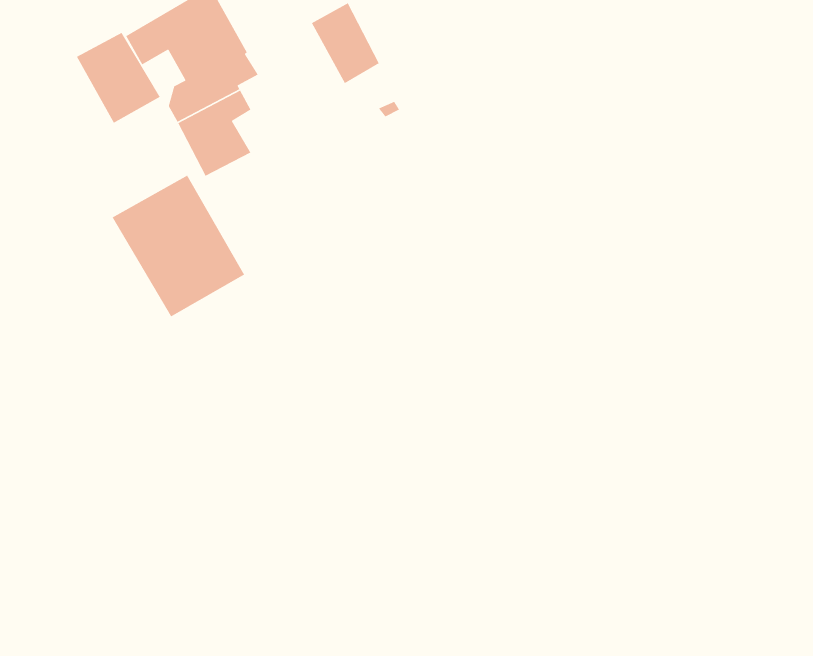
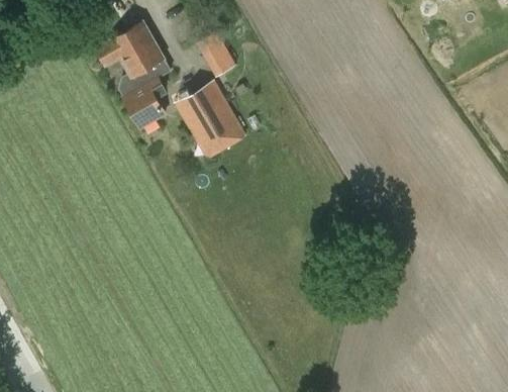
building: [76,32,161,124] -> none
building: [111,174,245,317] -> [174,80,246,158]

